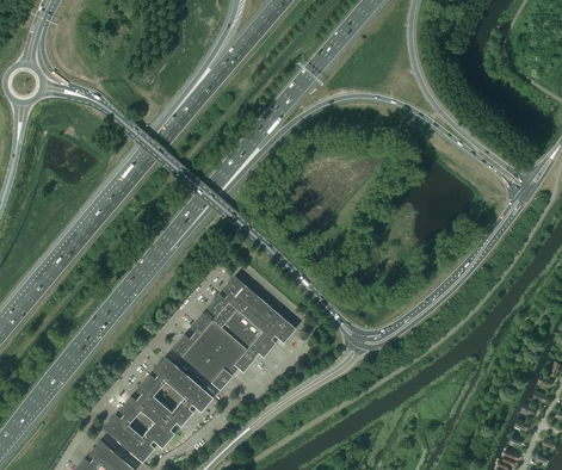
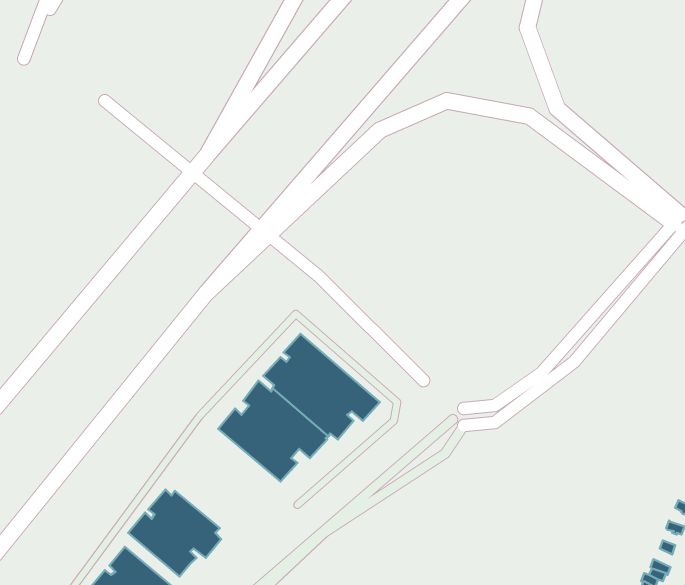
building: [137,357,214,427] -> none

